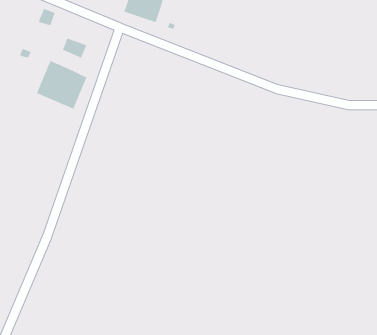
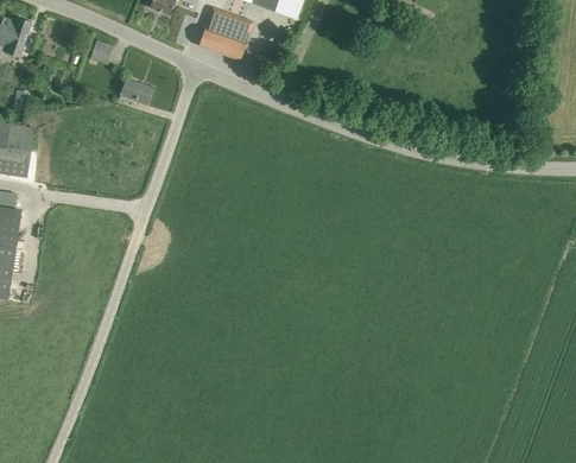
building: [36,60,87,110] -> none

